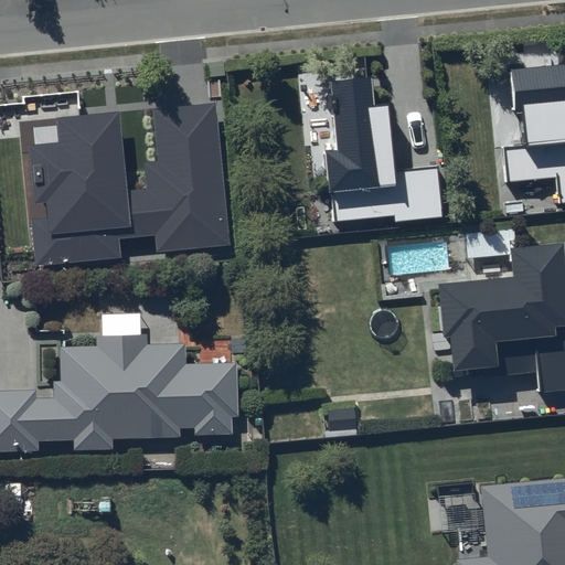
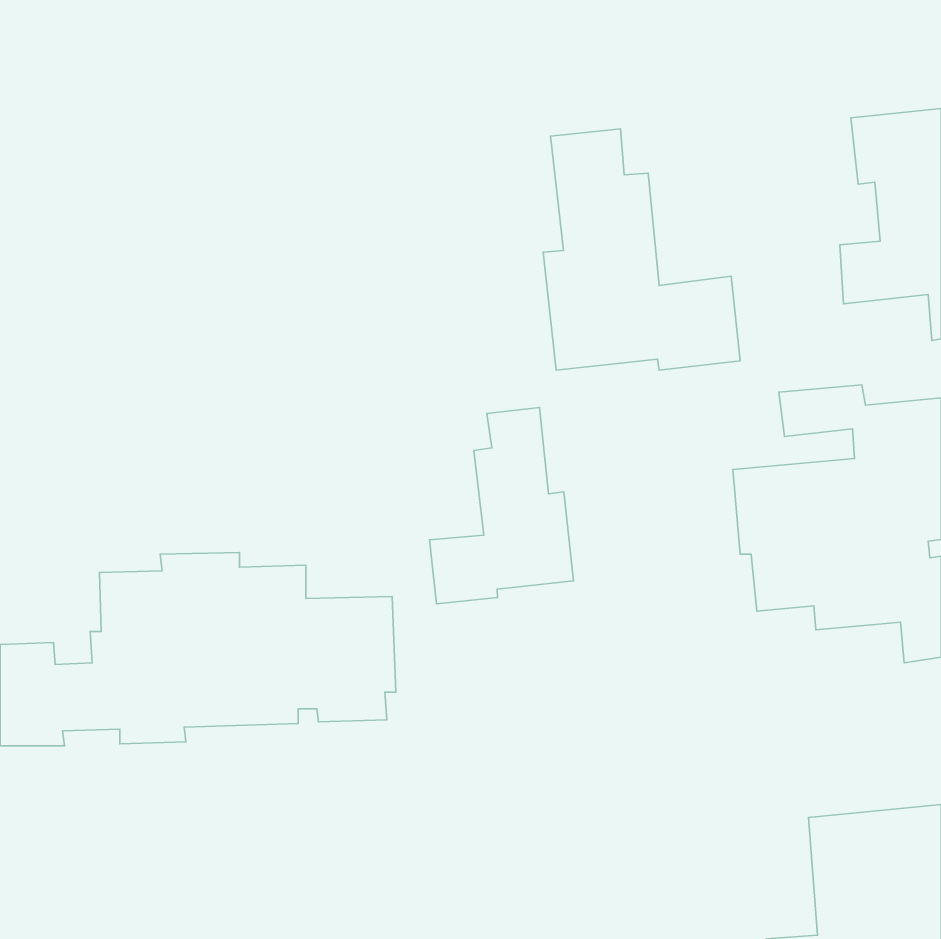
building: [28,105,231,268] -> none
building: none -> [430,407,573,604]

